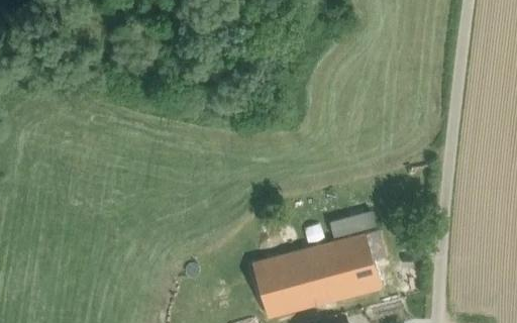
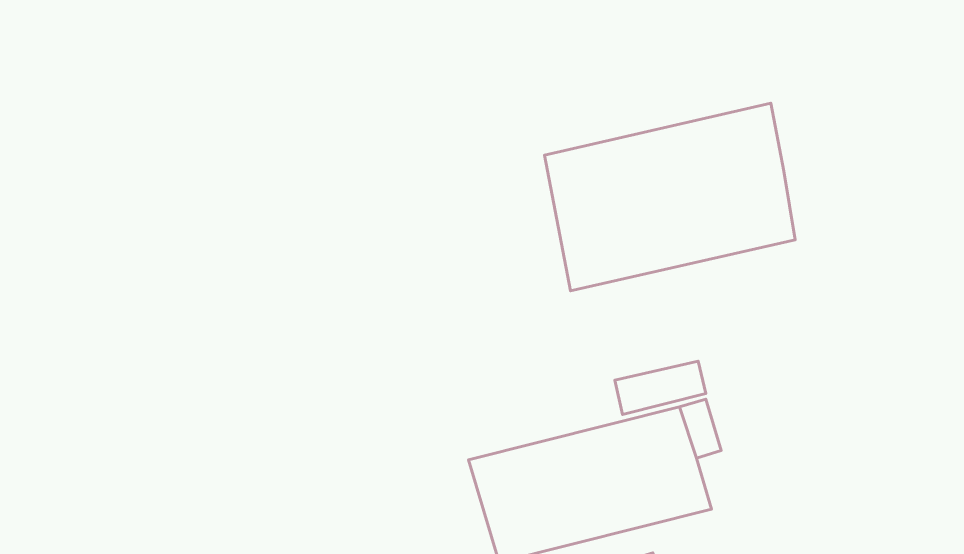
building: none -> [544,103,795,291]

